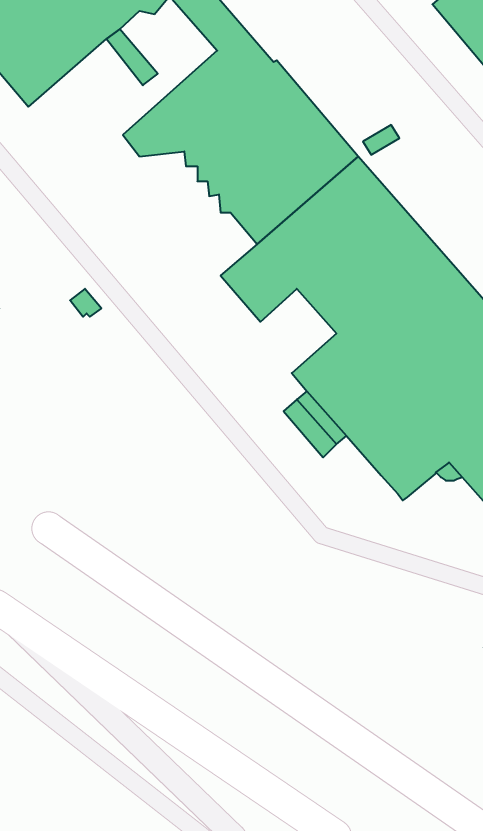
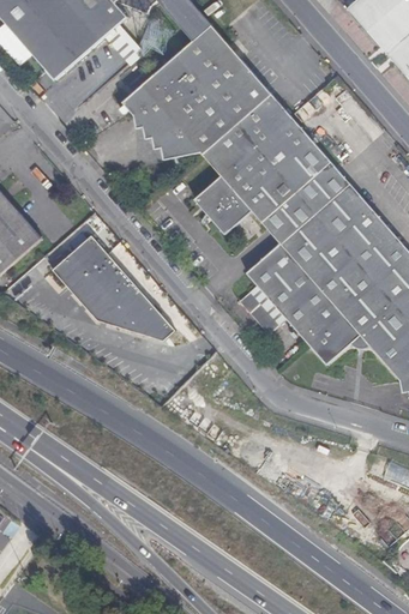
building: none -> [136,114,194,161]
building: none -> [52,235,175,339]

